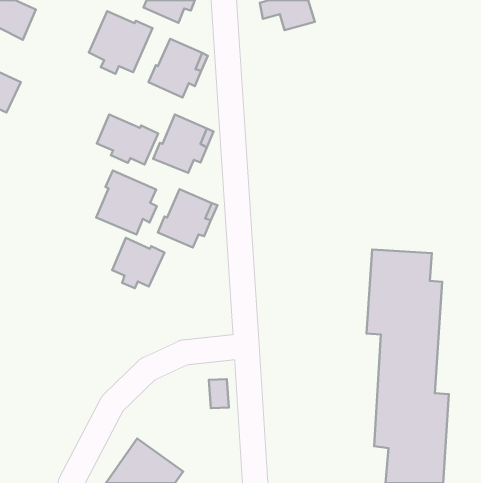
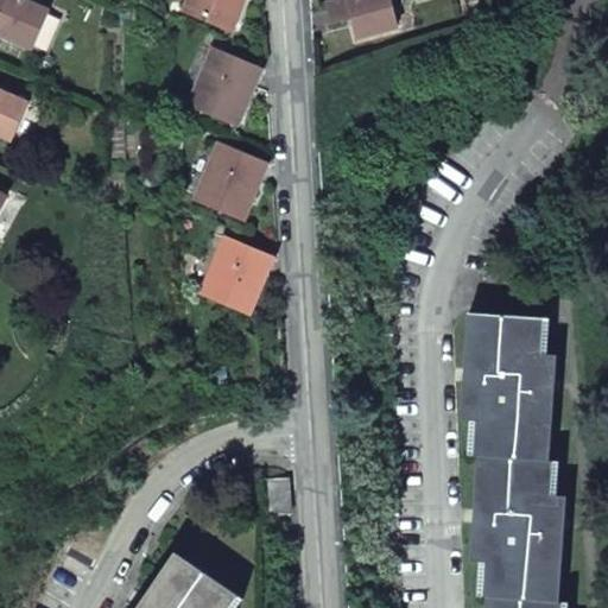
building: [89,11,153,74] -> none
building: [97,115,158,165] -> none
building: [96,171,157,234] -> none
building: [112,238,164,288] -> none

